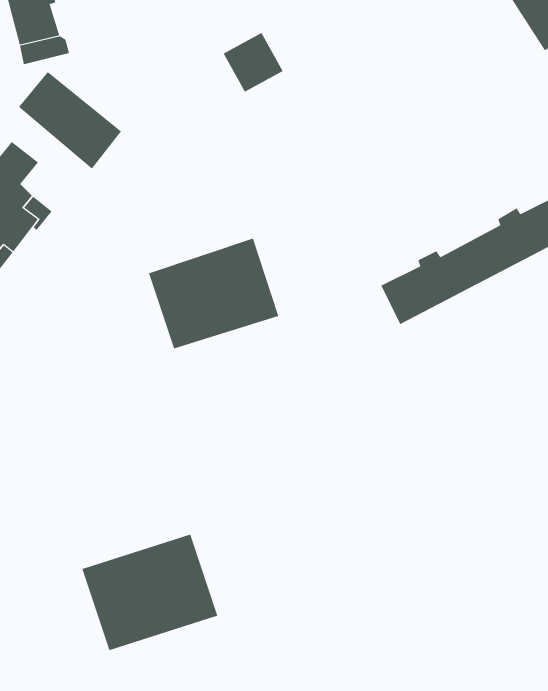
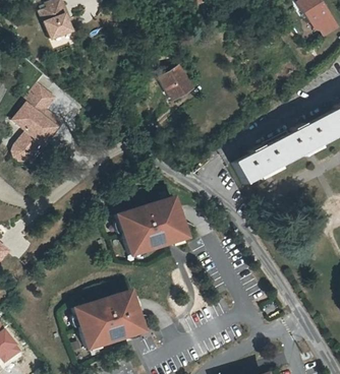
building: [223,32,283,93] -> [158,65,189,97]
building: [18,71,122,170] -> none
building: [148,238,279,349] -> [117,195,185,253]

